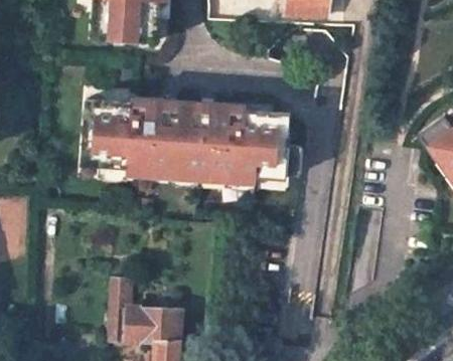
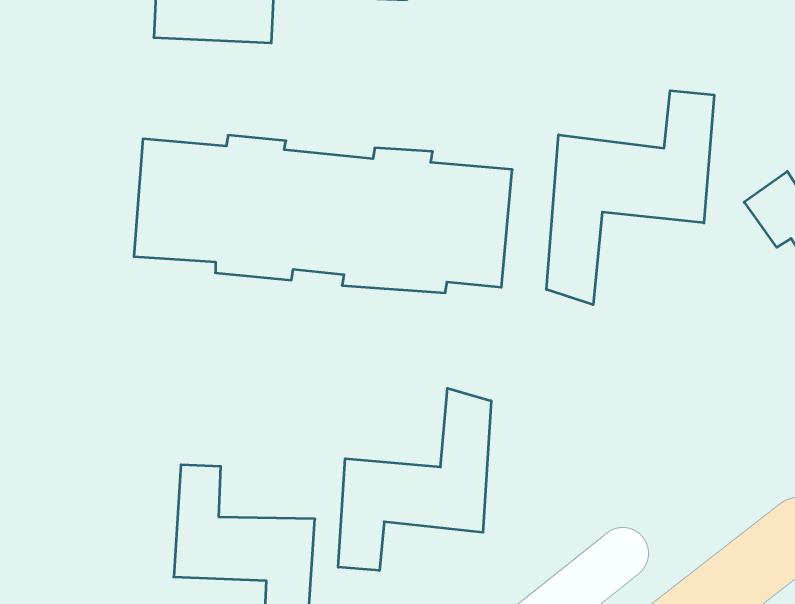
building: none -> [547,91,714,305]
building: none -> [338,388,491,571]

